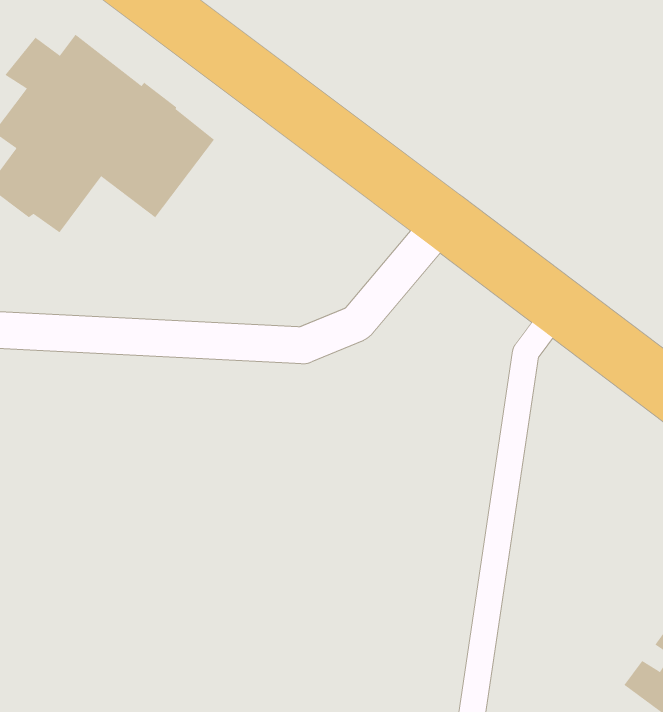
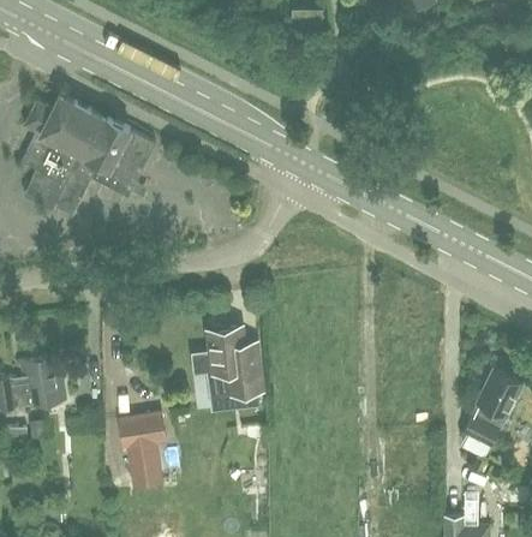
building: none -> [192,327,263,396]
building: none -> [116,412,167,488]

